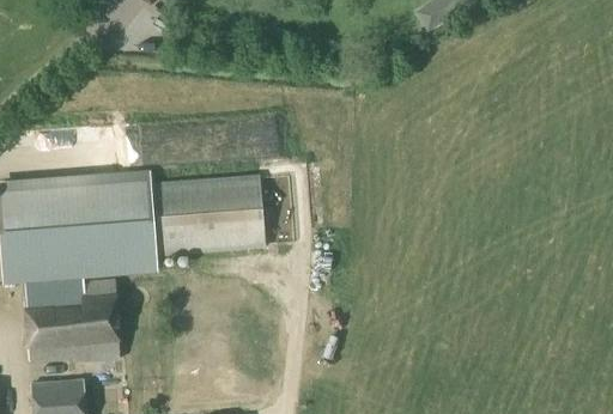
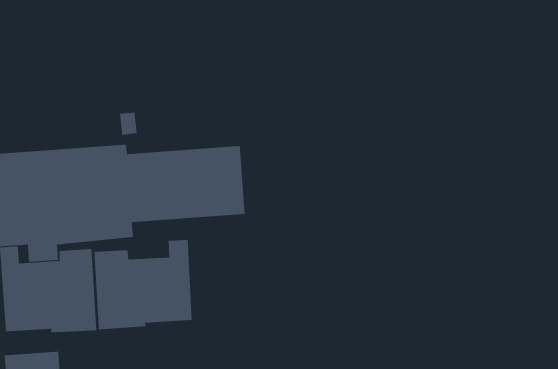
building: none -> [94,239,192,330]

